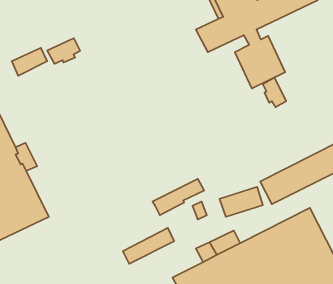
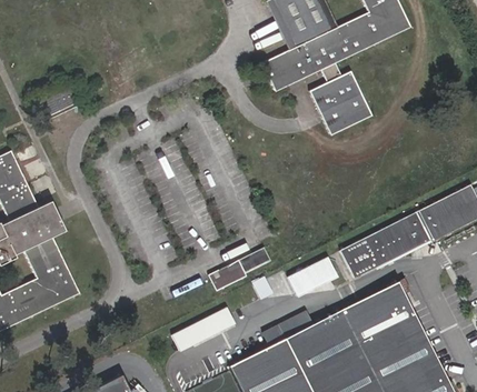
building: [47,38,80,64] -> none
building: [263,77,286,107] -> none

